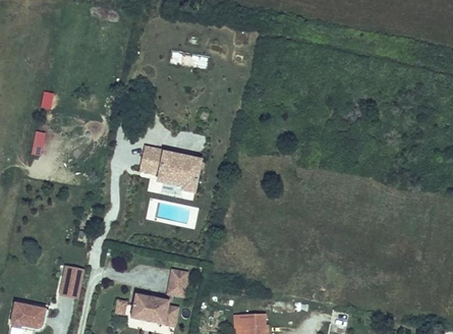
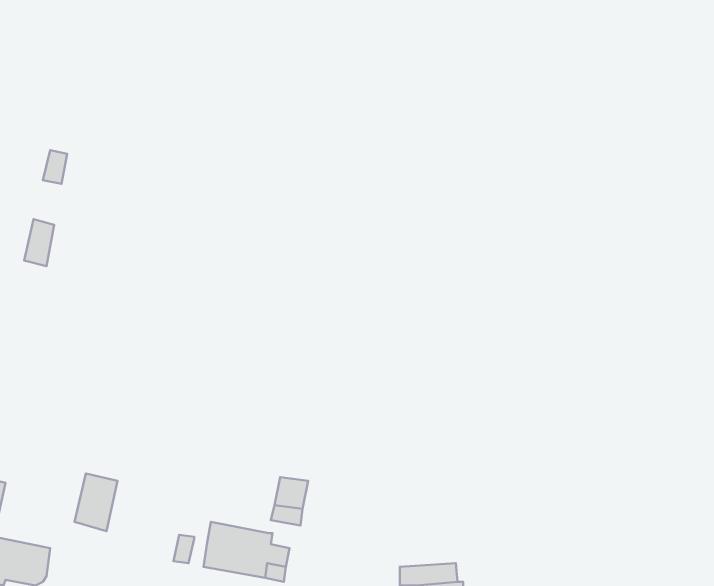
building: [137,146,197,190] -> none

